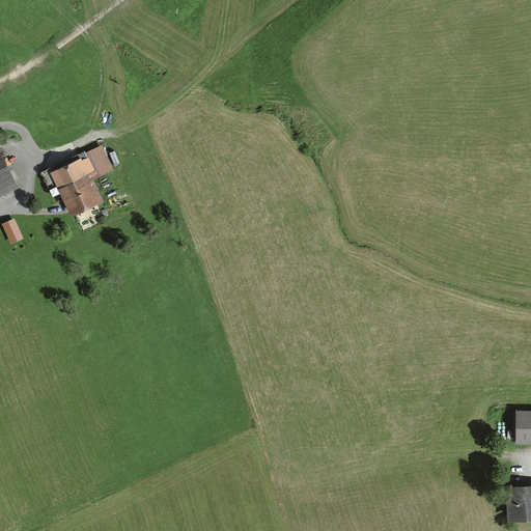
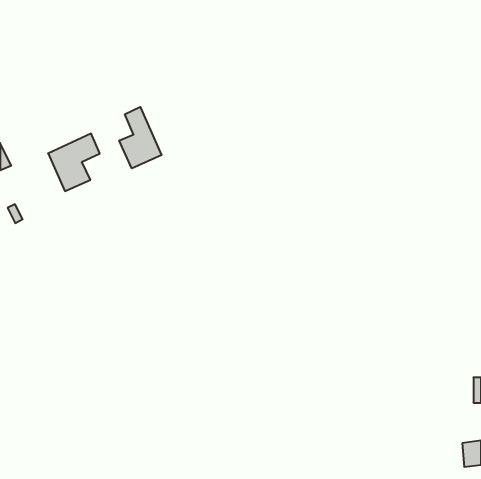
building: none -> [119,107,162,168]

